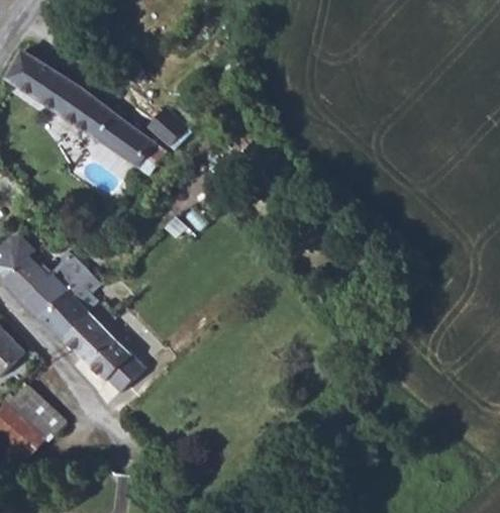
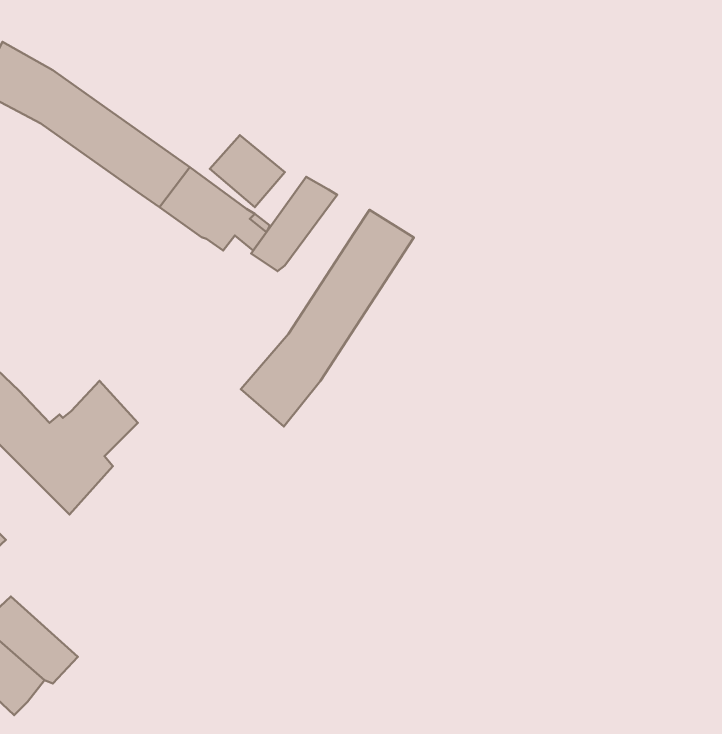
building: none -> [251,177,337,271]
building: none -> [241,210,414,426]
building: [60,307,138,379] -> none

